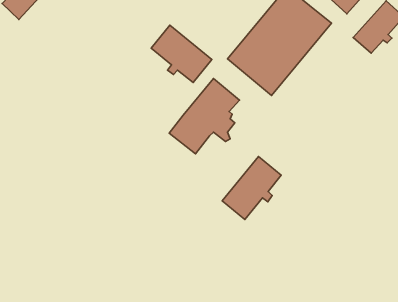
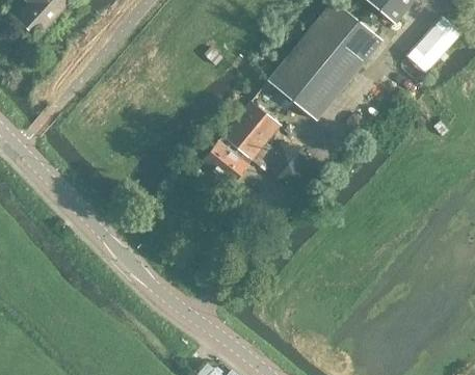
building: [151,25,212,82] -> none
building: [222,157,281,219] -> none

